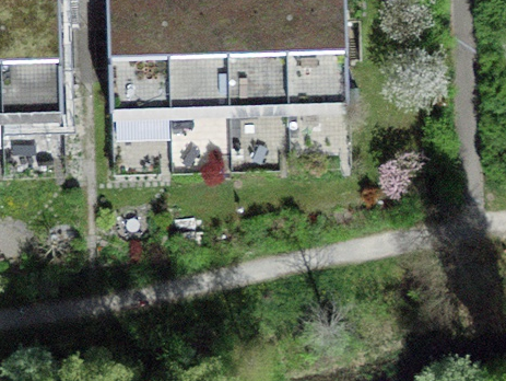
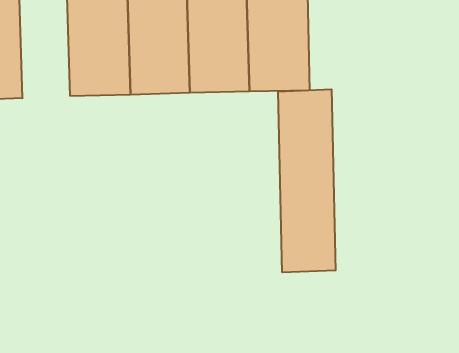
building: none -> [278,89,336,272]

